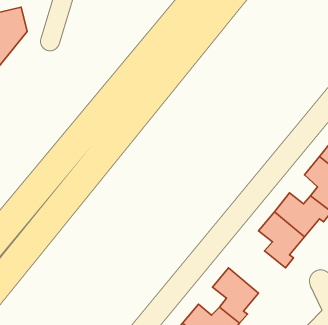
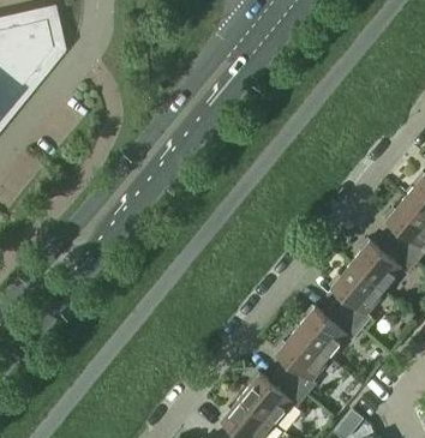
building: none -> [294,306,363,360]

